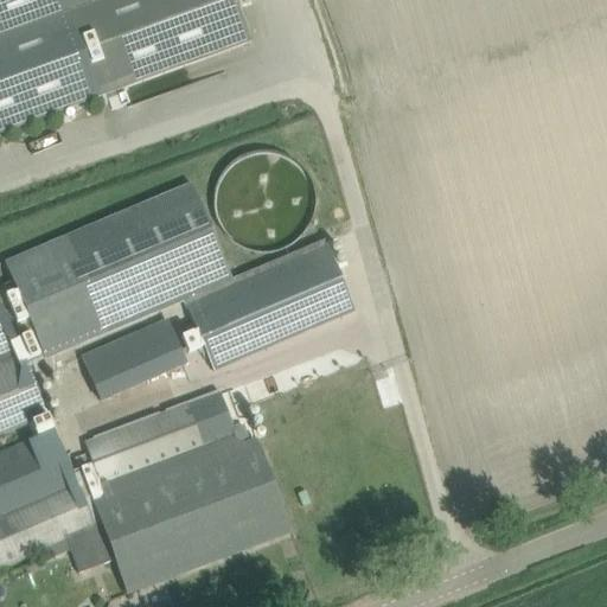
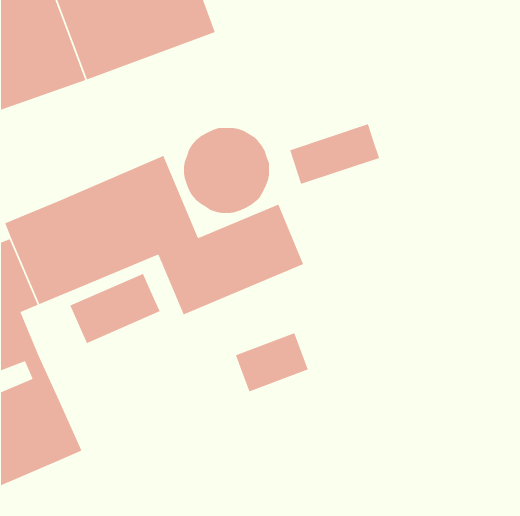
building: none -> [289,123,380,185]
building: none -> [235,332,309,393]
building: [66,389,292,590] -> none

